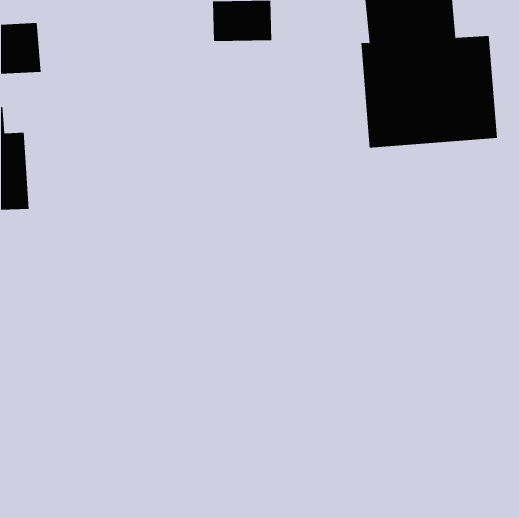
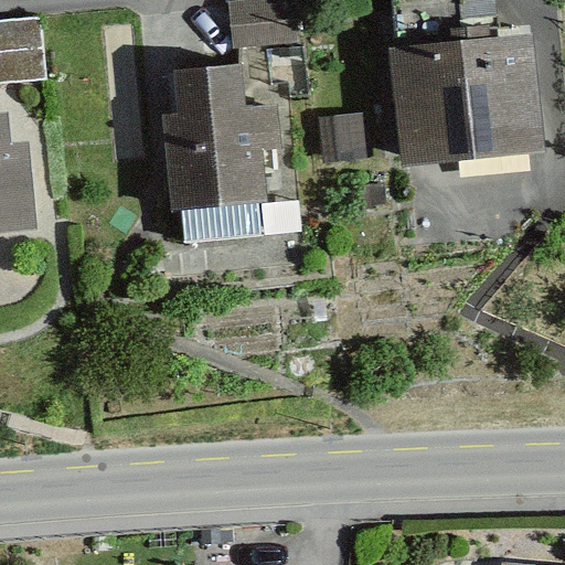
building: none -> [164,66,277,238]

